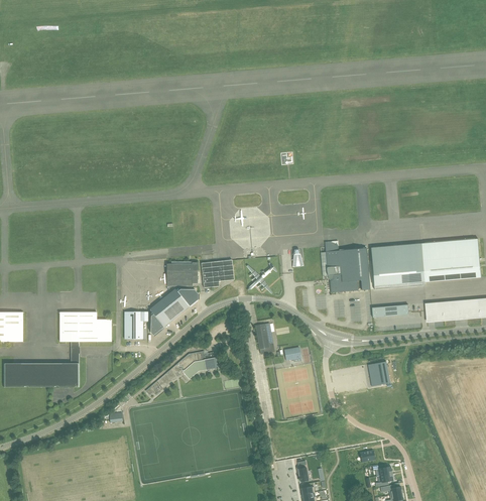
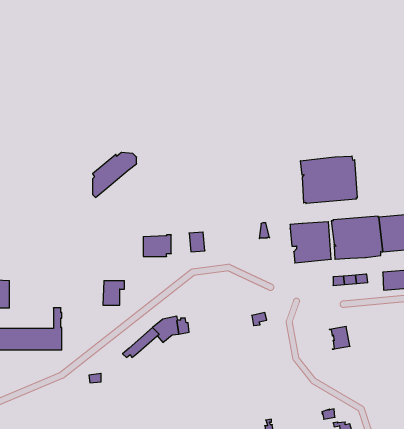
building: none -> [301,156,357,204]
building: [201,260,219,287] -> none
building: [149,286,197,335] -> [93,152,137,197]
building: [58,311,110,341] -> none
building: [254,323,273,353] -> none

